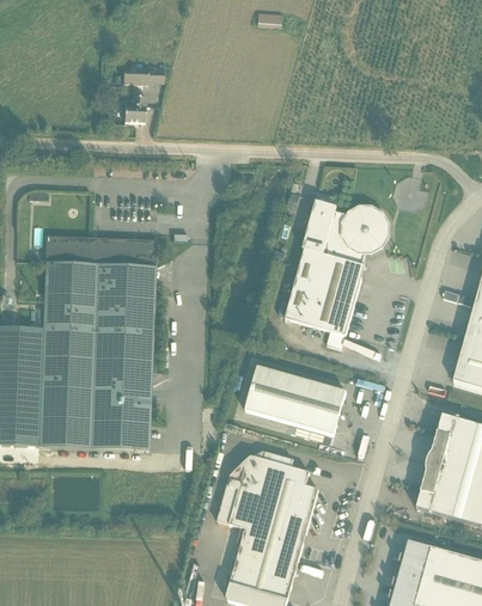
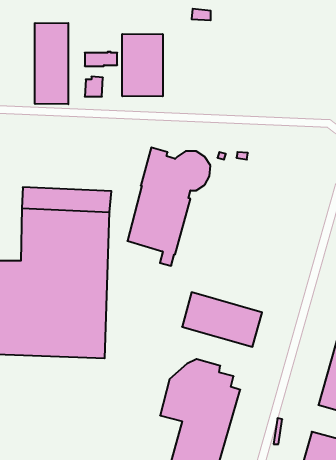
building: none -> [35,23,68,104]
building: none -> [122,34,163,96]
building: [286,201,390,349] -> [127,147,210,266]

